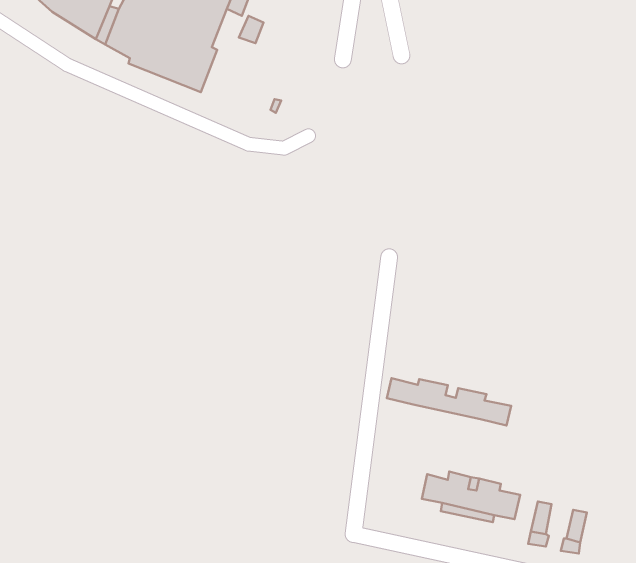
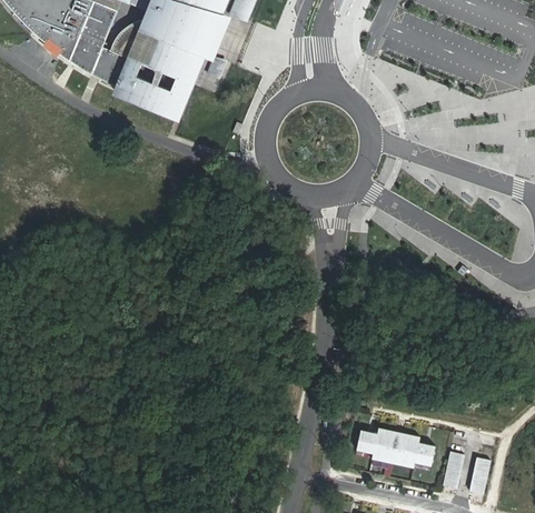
building: [387,378,511,426] -> none

